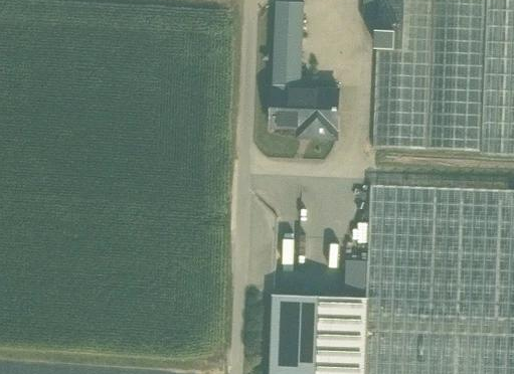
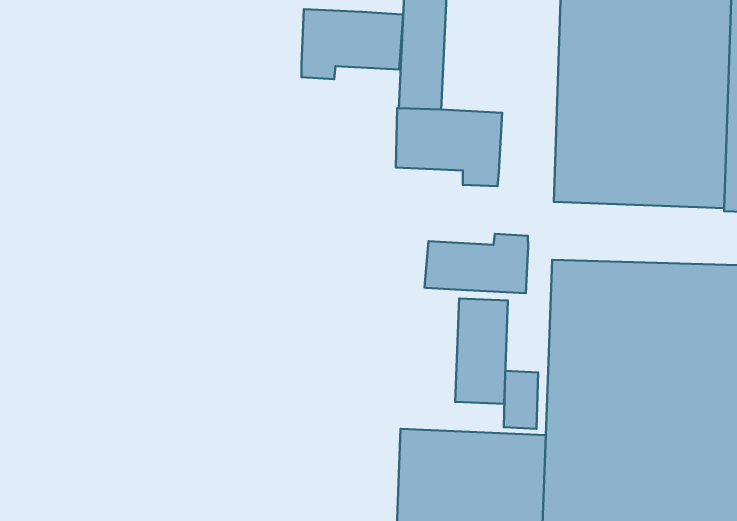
building: none -> [301,9,403,79]
building: none -> [425,234,528,293]
building: none -> [455,298,508,404]

